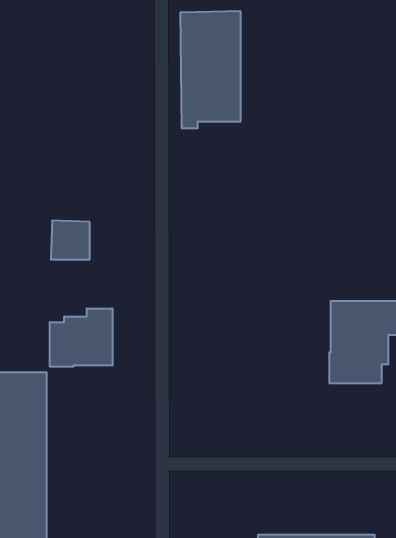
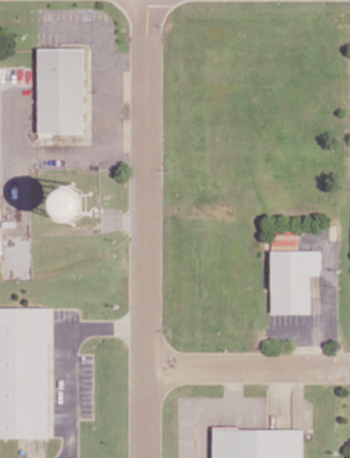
building: [180,11,241,128] -> [33,48,79,138]
building: [50,308,112,367] -> none

